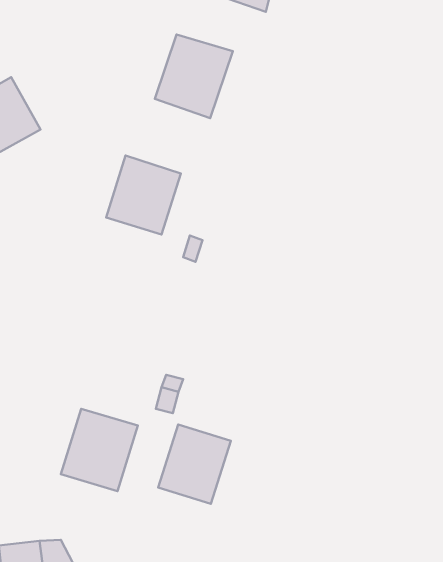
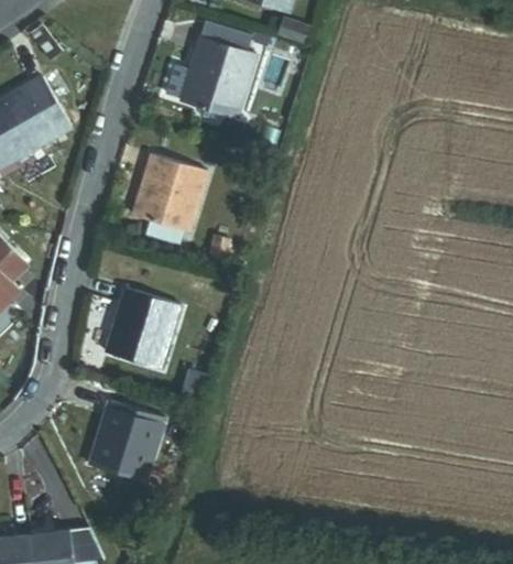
building: none -> [106,290,179,370]
building: [158,424,231,504] -> none

